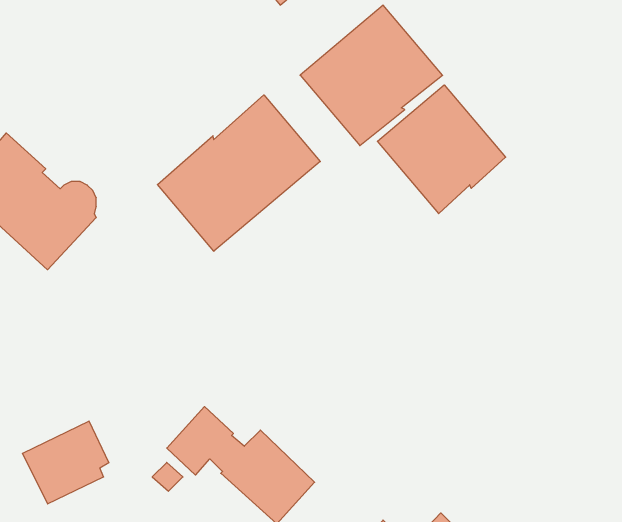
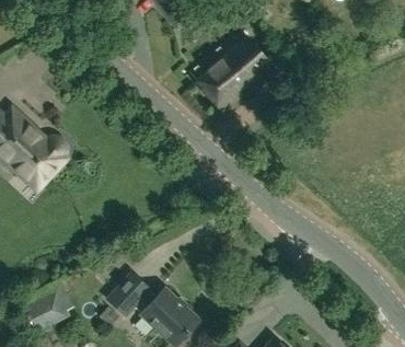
building: [377,85,506,214] -> none
building: [157,95,320,251] -> none

